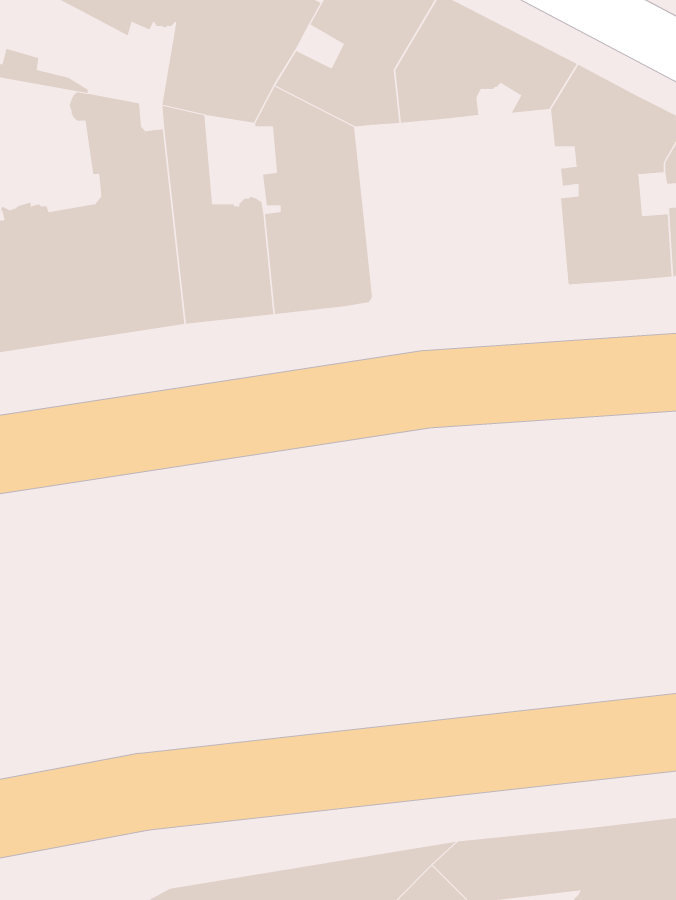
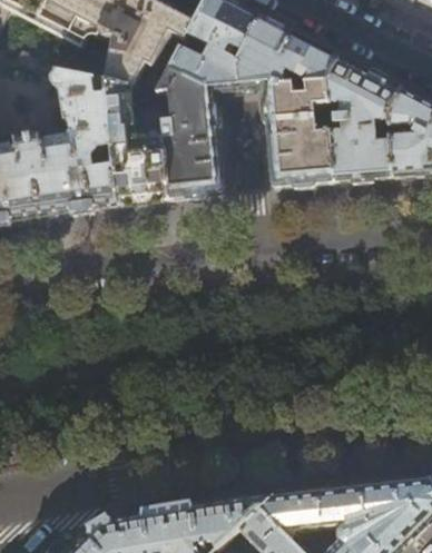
building: none -> [261,80,331,184]

